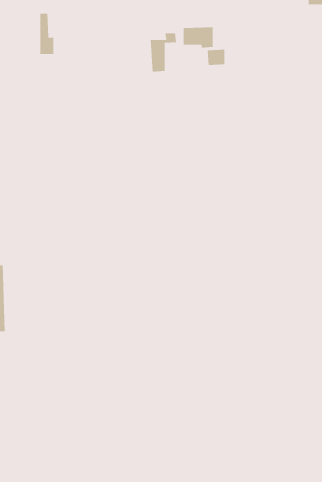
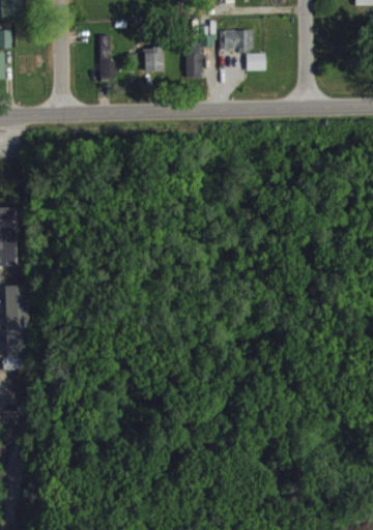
building: [40,13,54,55] -> [99,34,115,79]
building: none -> [143,48,163,71]

